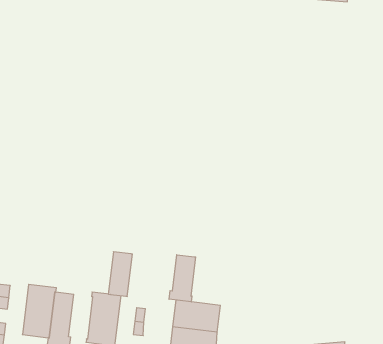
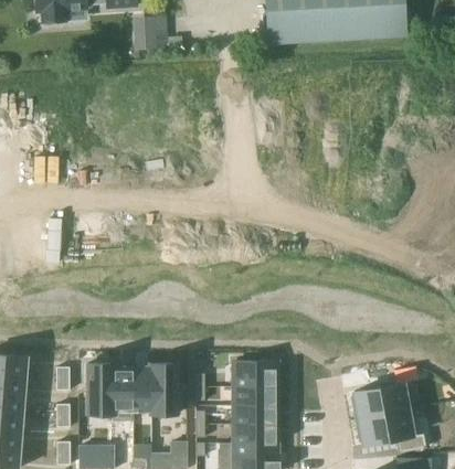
building: [108,252,132,296] -> [133,367,151,409]
building: [169,255,196,302] -> none

